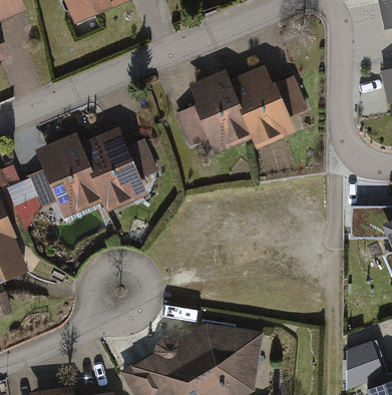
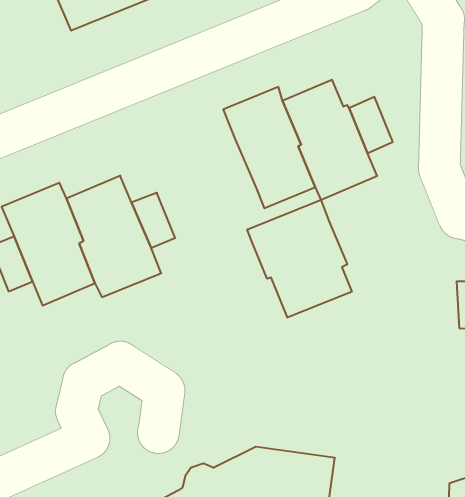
building: [174,102,210,145] -> none
building: none -> [247,200,352,318]

